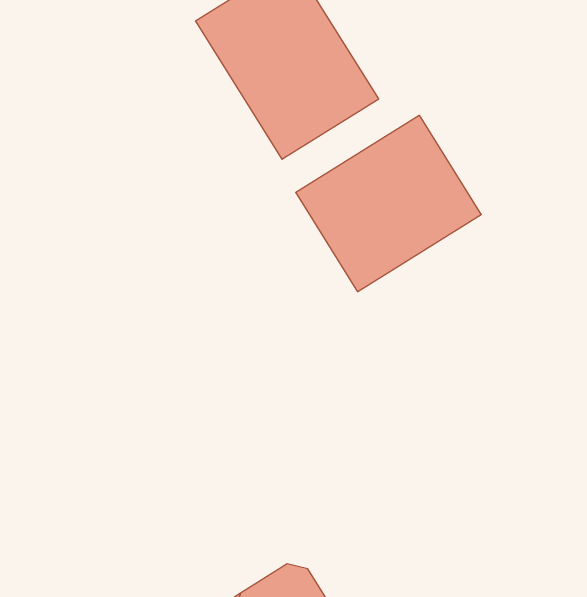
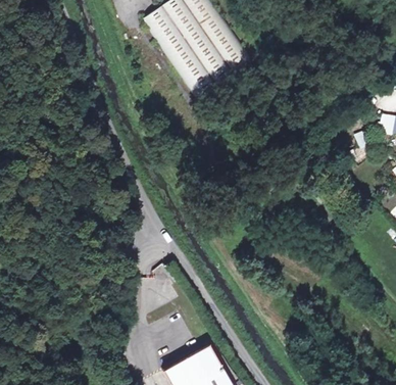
building: [296,115,481,292] -> none

